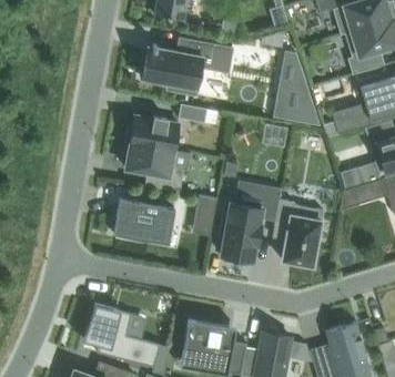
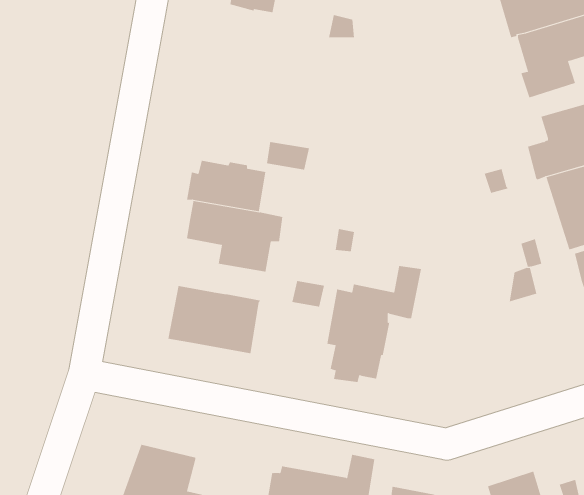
building: [140,41,232,95] -> none
building: [273,51,320,126] -> none
building: [274,200,323,266] -> none

